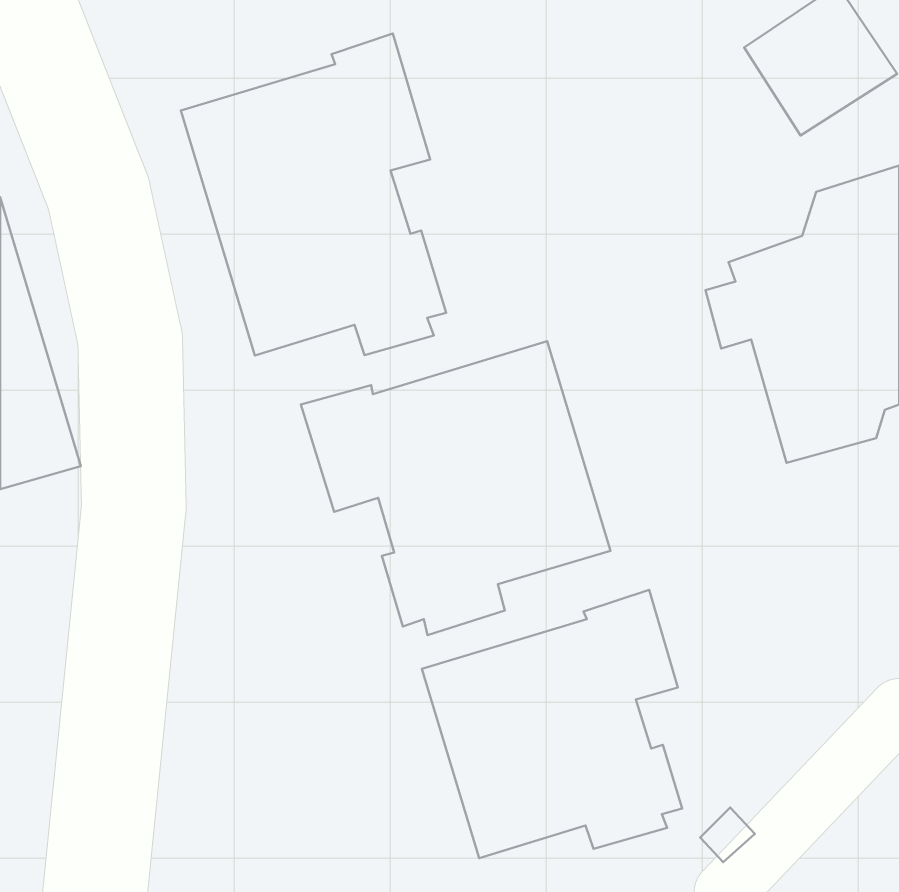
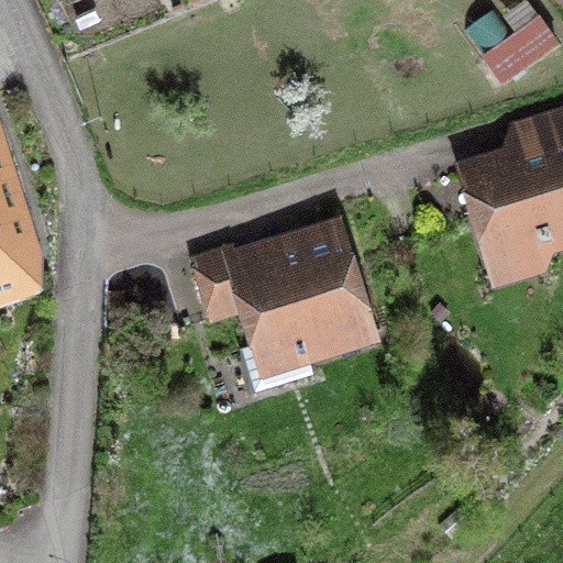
building: [181,33,446,356] -> none
building: [422,590,682,858] -> none

